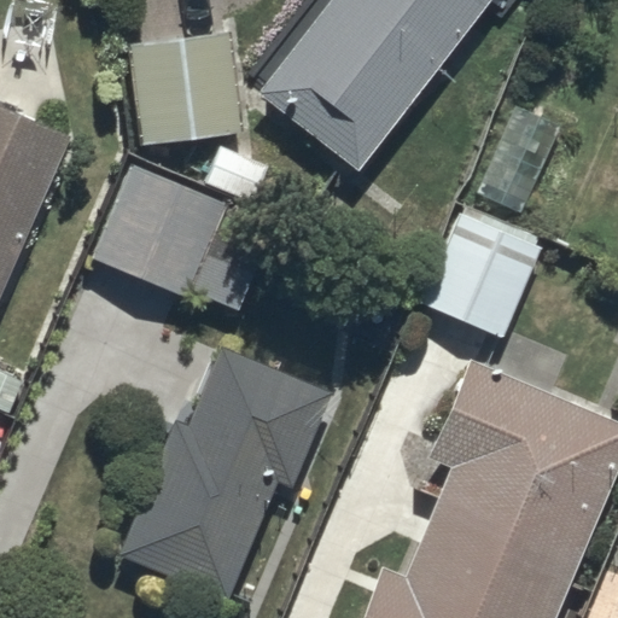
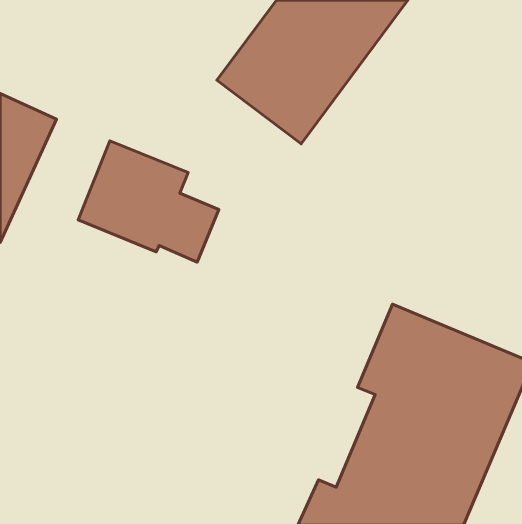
building: [133,35,243,141] -> none
building: [425,214,543,340] -> none
building: [123,344,333,595] -> none

